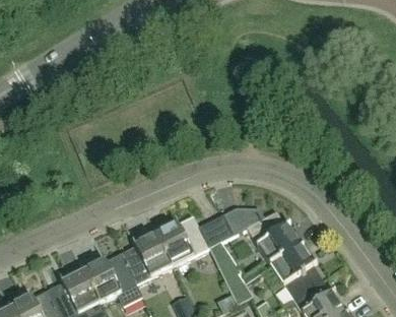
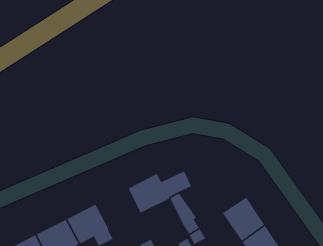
building: [226,207,301,264] -> none
building: [121,235,174,283] -> none

